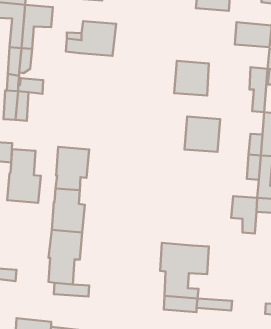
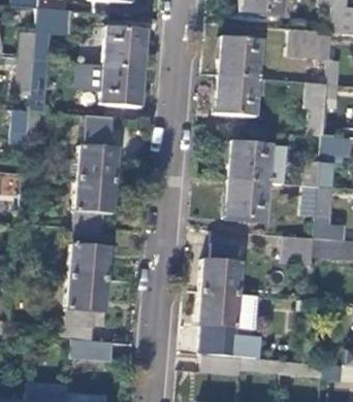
building: none -> [220,37,262,78]
building: none -> [101,66,143,108]
building: [7,149,41,203] -> [78,116,119,180]
building: none -> [226,180,268,221]
building: none -> [202,242,240,295]

